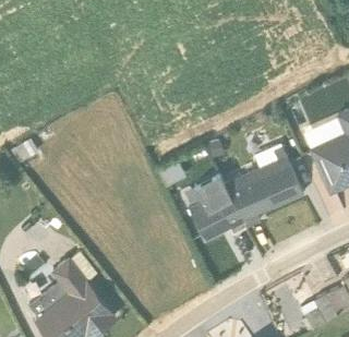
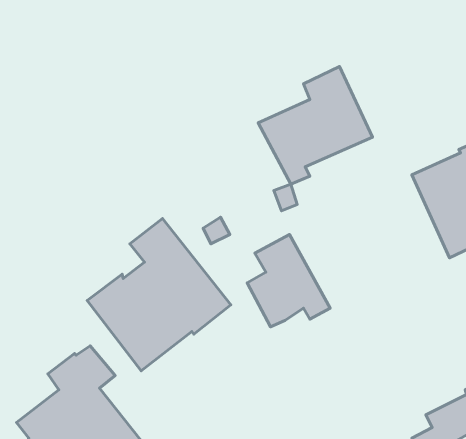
building: [225,145,304,227] -> [258,66,373,184]
building: none -> [87,219,231,371]

